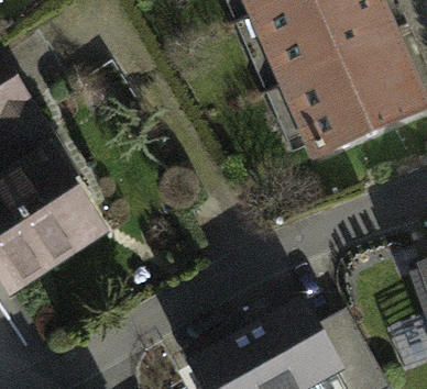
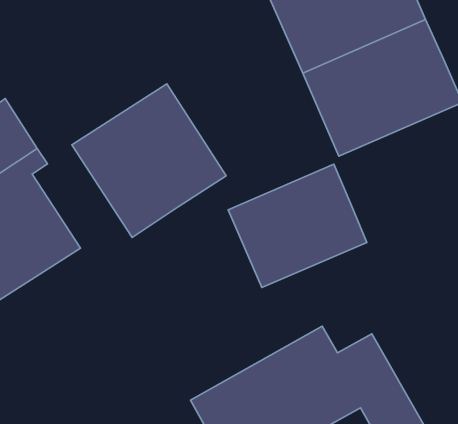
building: none -> [72,84,226,237]
building: none -> [228,164,367,287]

